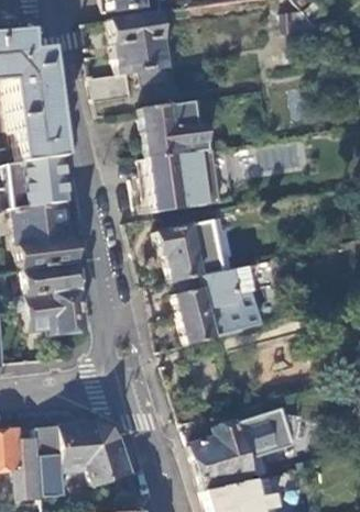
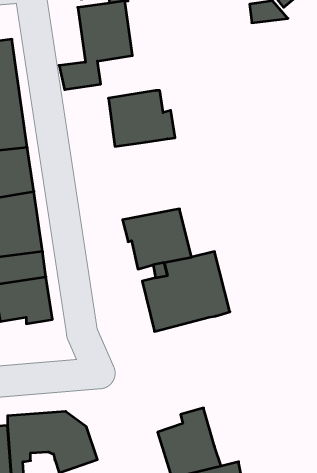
building: [149,149,209,209] -> none
building: [238,405,298,458] -> none

